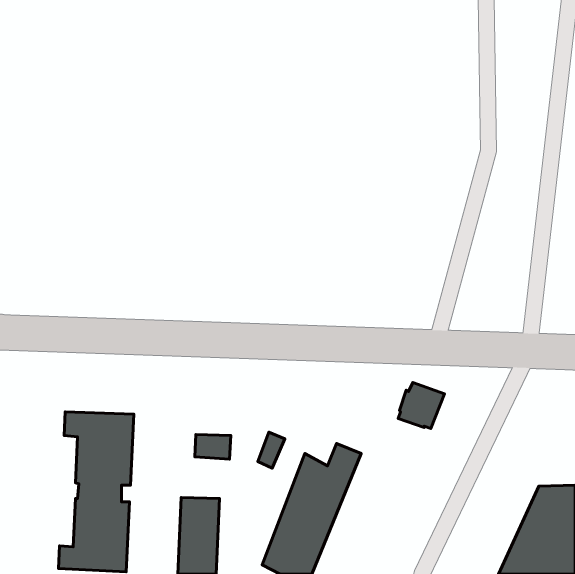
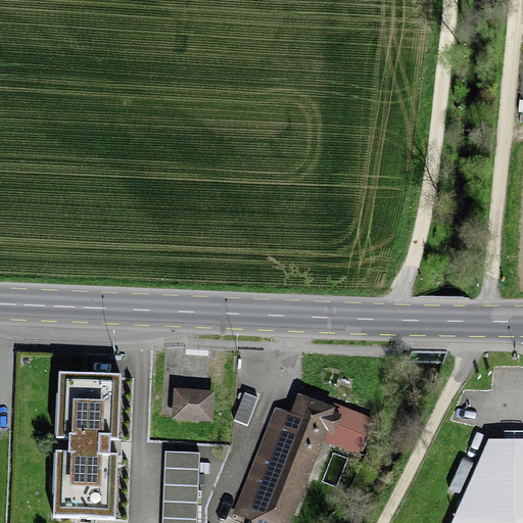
building: [398,382,444,429] -> [331,408,373,449]

